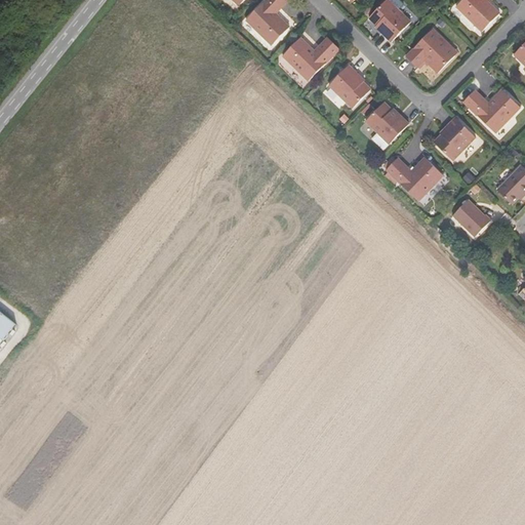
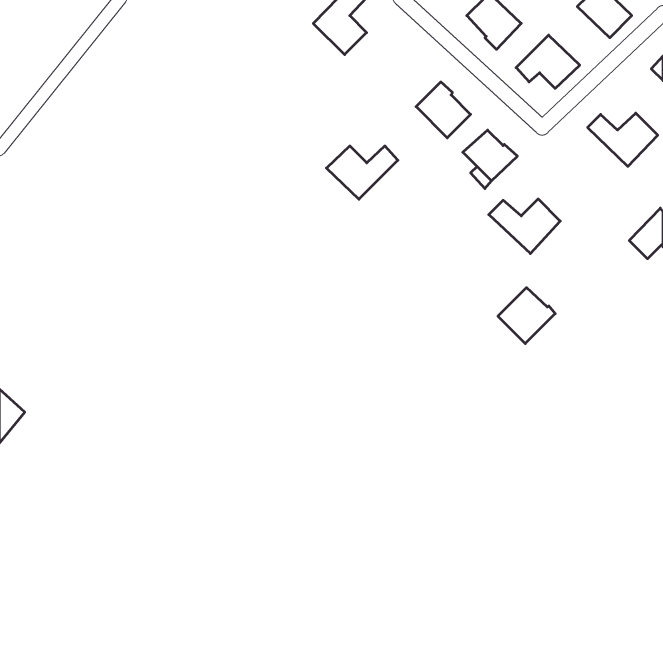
building: [282,37,338,79] -> [326,146,398,199]
building: [434,117,475,159] -> none
building: [445,199,490,243] -> [498,288,555,344]

